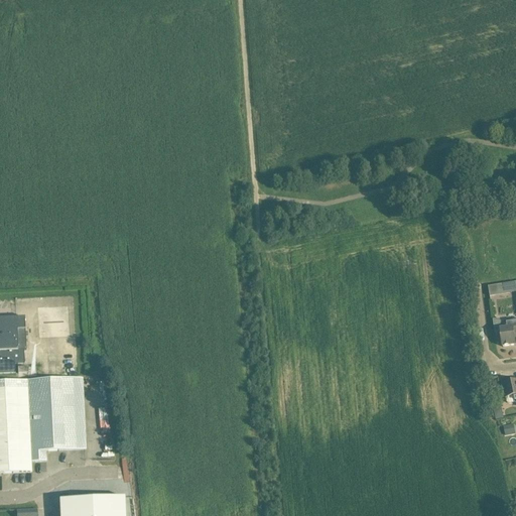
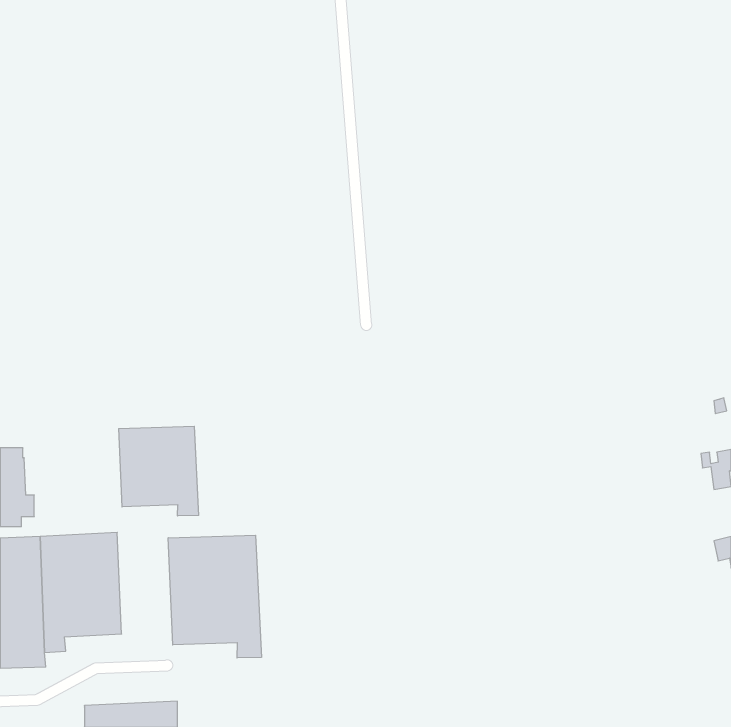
building: none -> [119,426,199,516]
building: none -> [168,535,261,658]

